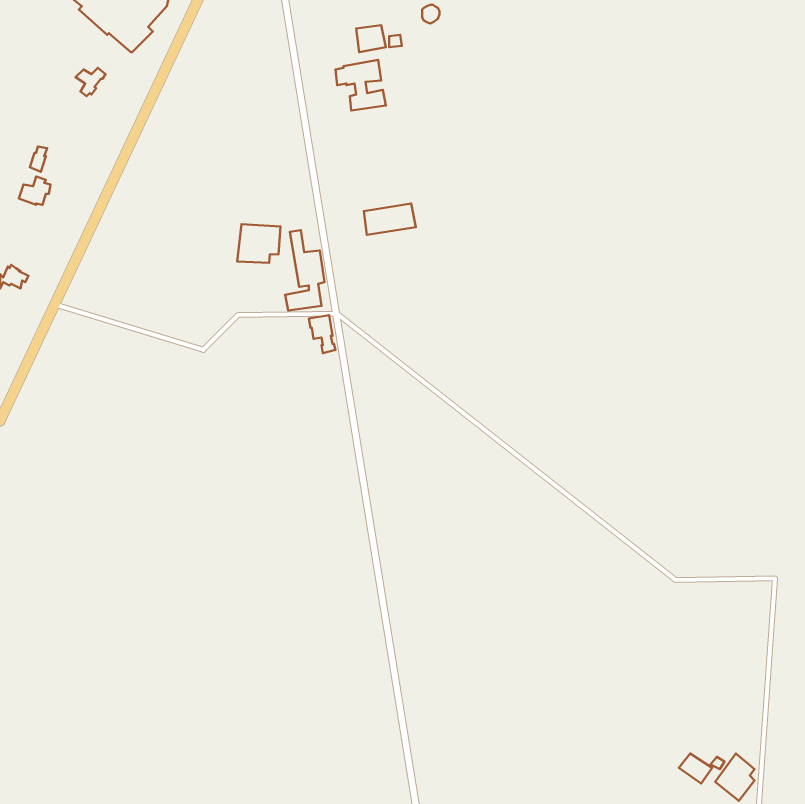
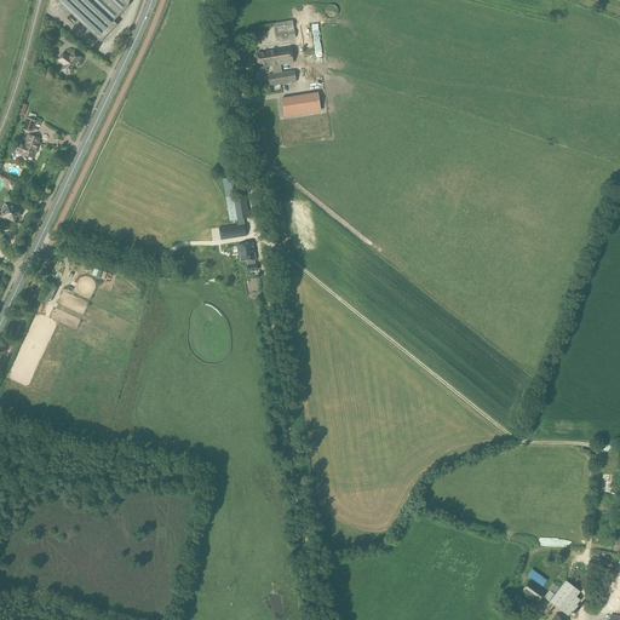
building: [364,203,416,235] -> [282,91,322,115]
building: [237,224,281,263] -> none

